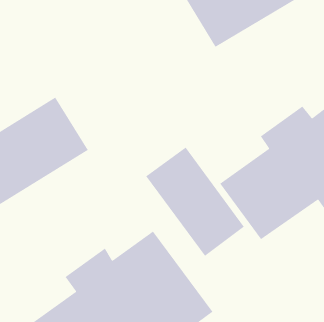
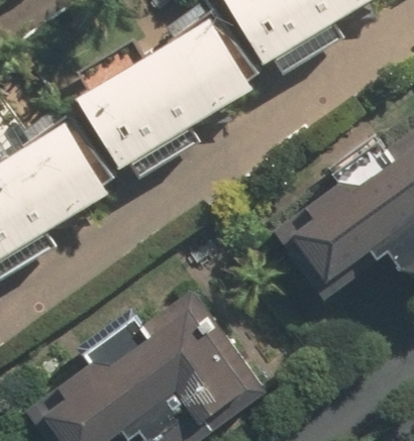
building: none -> [82,17,252,163]
building: [145,146,245,257] -> none

